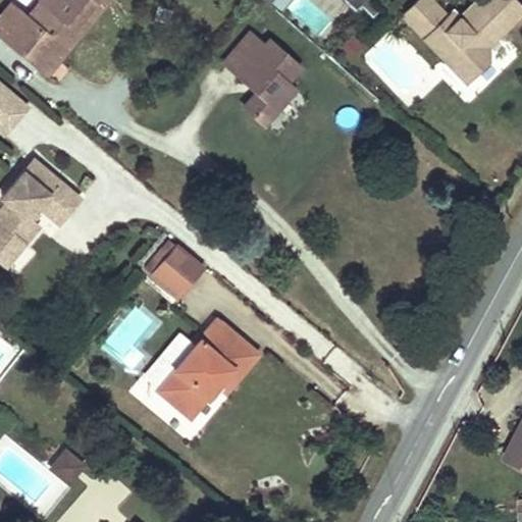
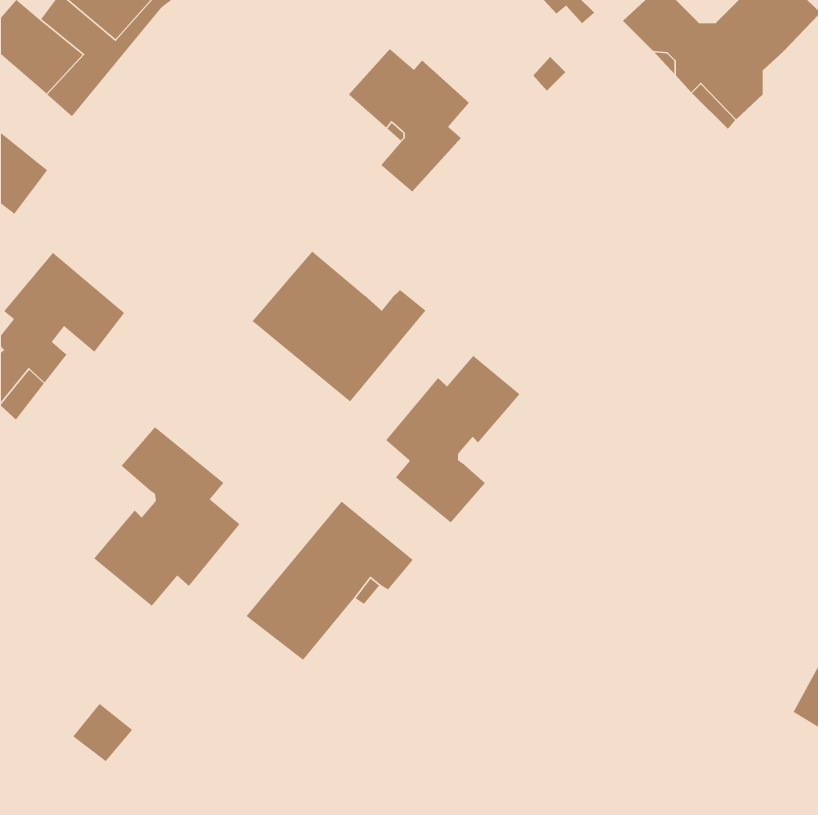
building: none -> [251,250,426,402]
building: none -> [385,355,520,523]
building: [150,246,202,298] -> none
building: none -> [93,426,240,607]

